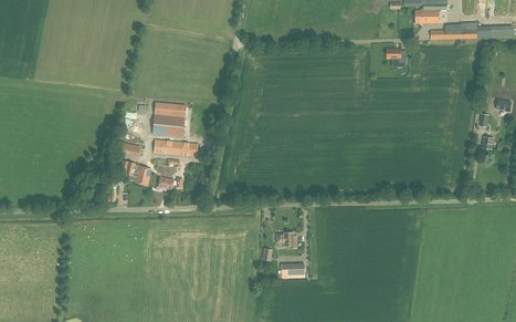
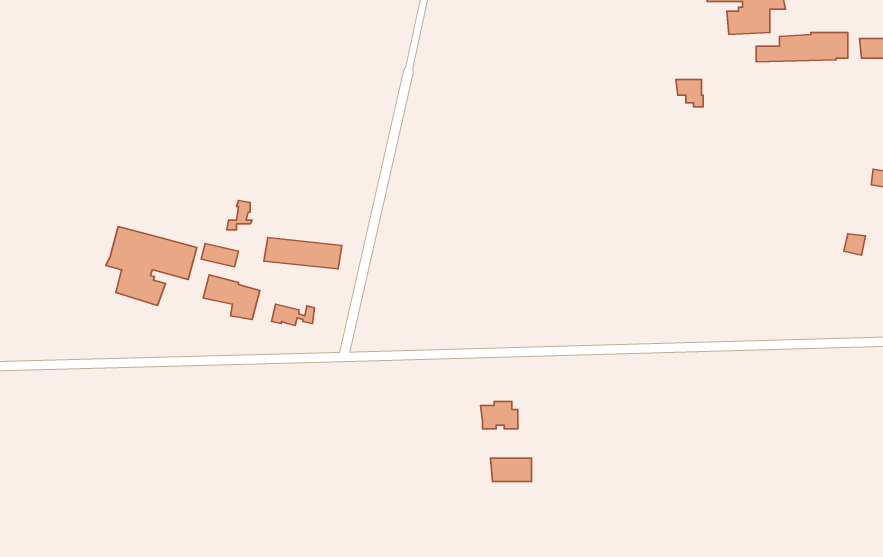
building: [151,102,185,136] -> none
building: none -> [106,226,197,305]

